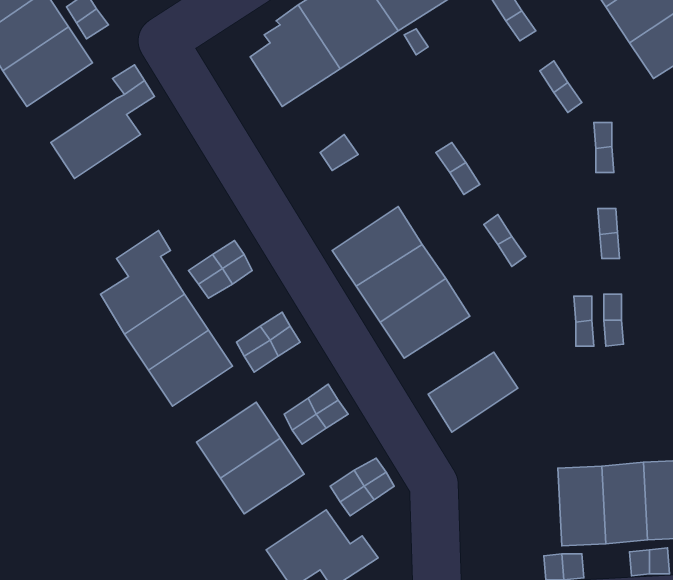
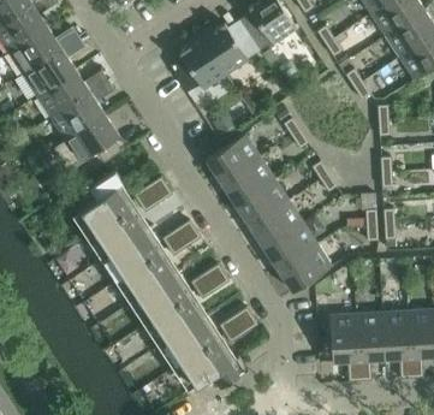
building: none -> [36,70,90,118]
building: none -> [65,113,119,178]
building: none -> [206,135,260,183]
building: none -> [263,223,317,269]
building: none -> [124,253,174,298]
building: none -> [329,314,358,362]
building: none -> [167,318,216,363]

